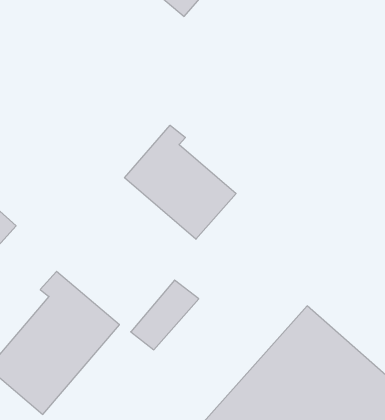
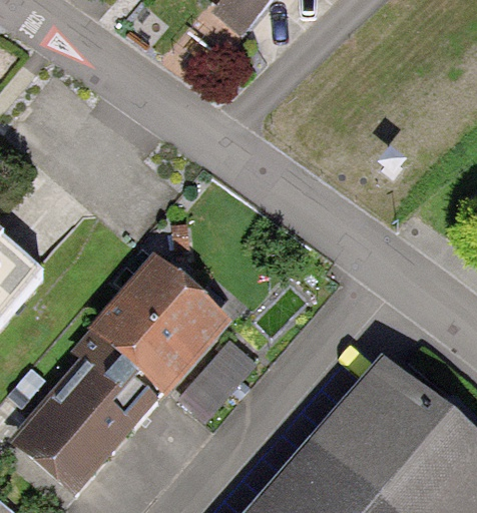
building: [125,125,236,239] -> none
building: none -> [91,252,232,393]

